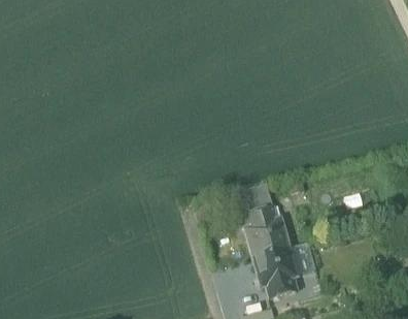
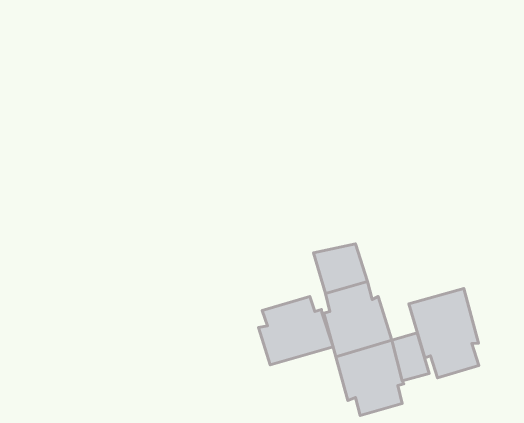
building: none -> [409,289,479,378]
building: none -> [259,296,333,365]

